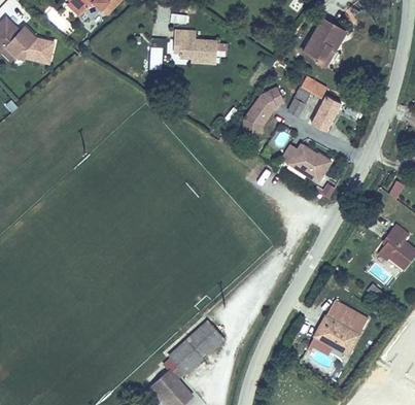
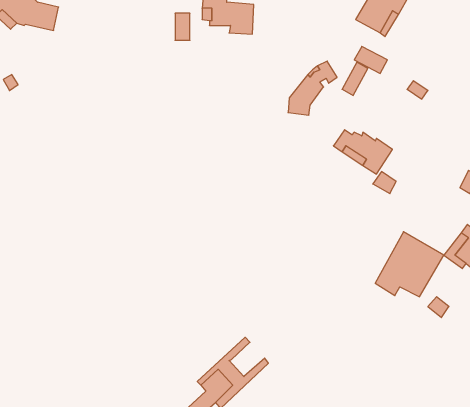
building: [313,95,341,130] -> none
building: [305,301,362,356] -> [375,232,444,297]
building: [195,323,224,351] -> none

